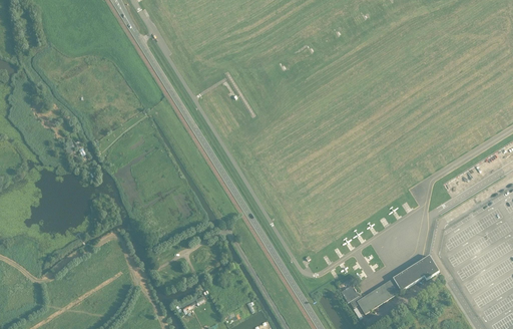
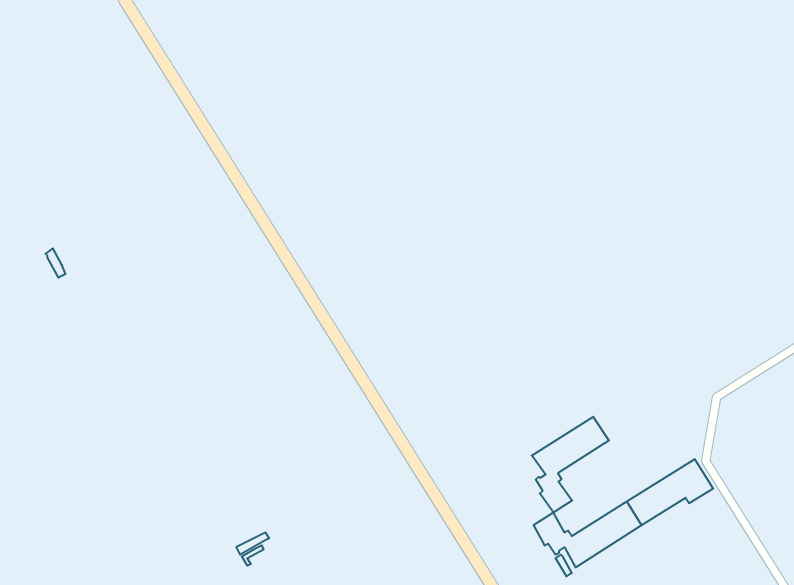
building: none -> [532,417,609,512]

